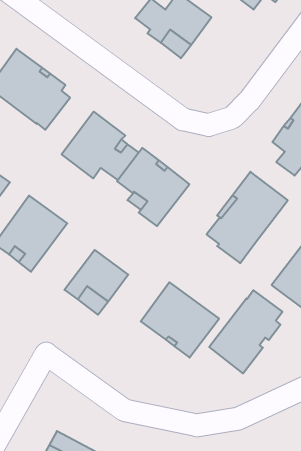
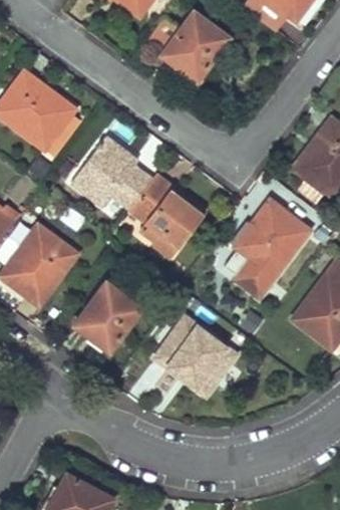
building: [209,290,282,373] -> none

